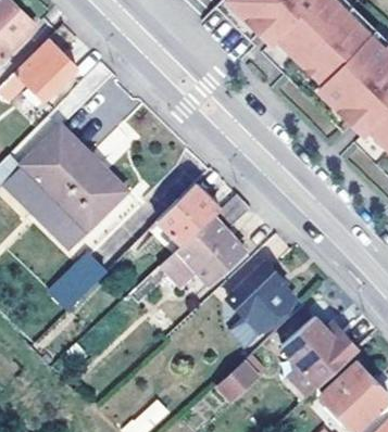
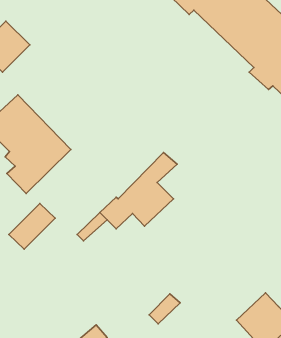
building: [158,186,218,245] -> none
building: [227,265,293,333] -> none
building: [283,318,359,389] -> none

